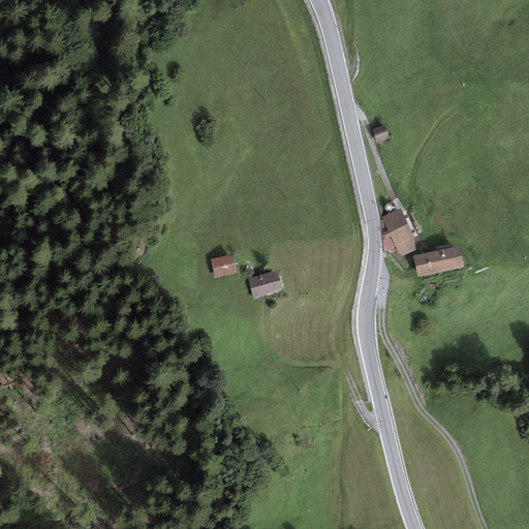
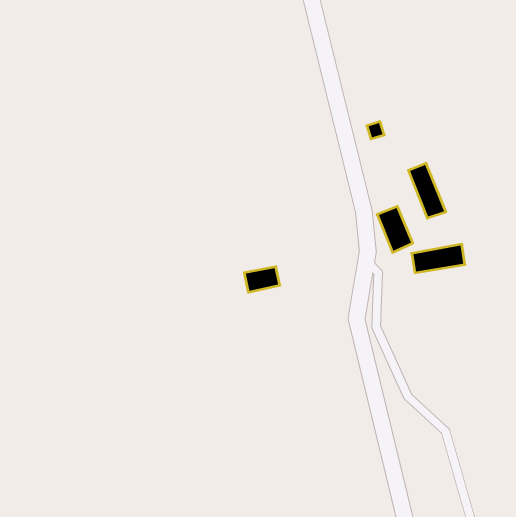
building: none -> [408,163,446,218]
building: [209,252,236,275] -> none

